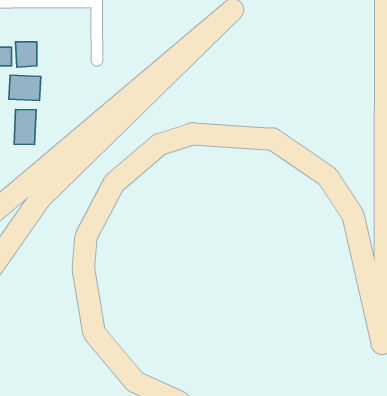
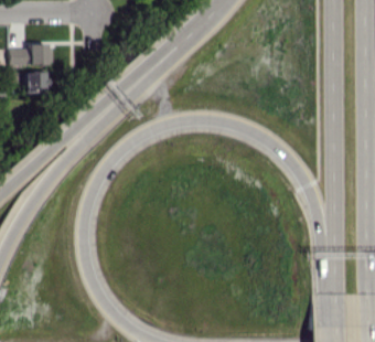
building: [14,109,36,145] -> none

